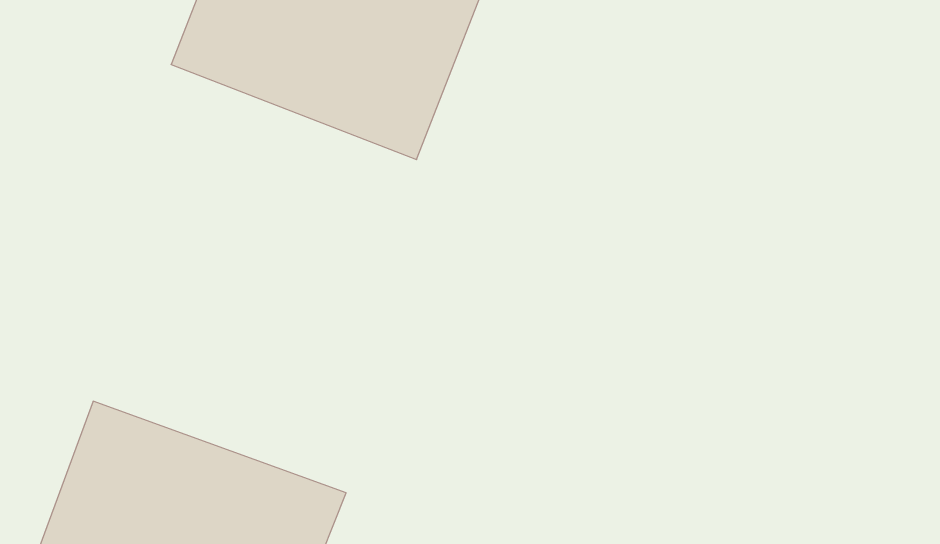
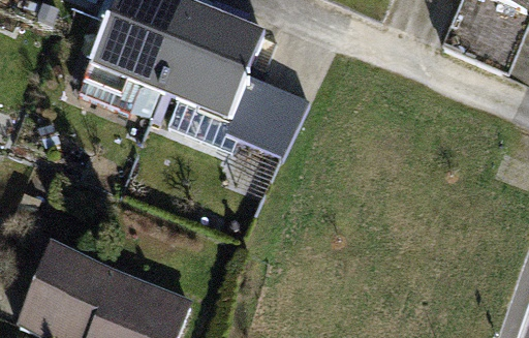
building: none -> [229,79,311,162]

